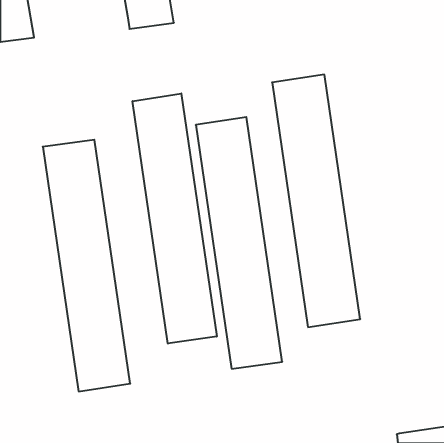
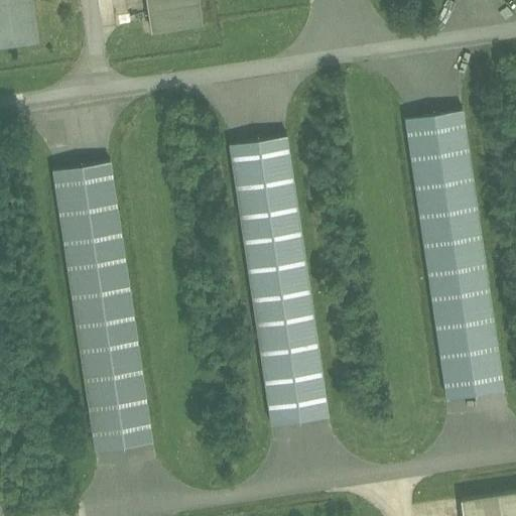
building: [272,75,360,327] -> [403,109,505,400]
building: [133,93,217,344] -> none

